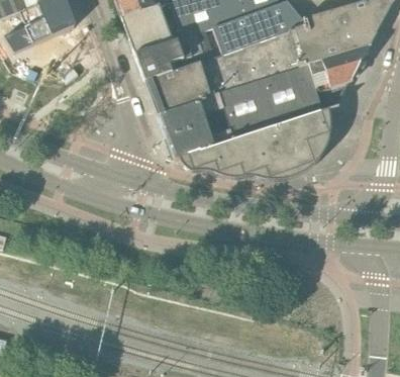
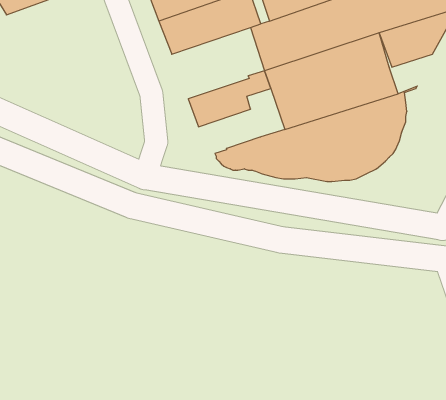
building: [144,56,218,112] -> none
building: [166,120,215,158] -> none

